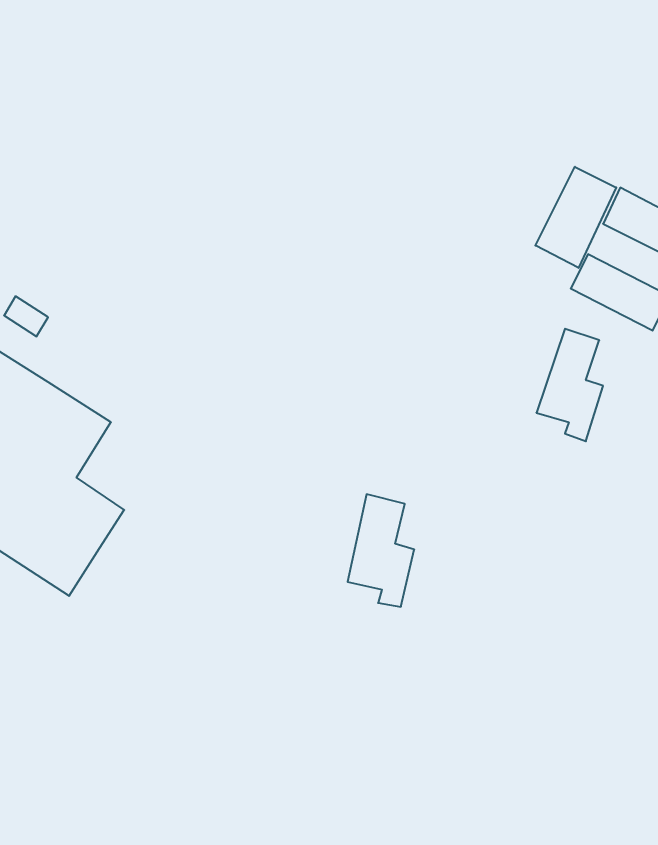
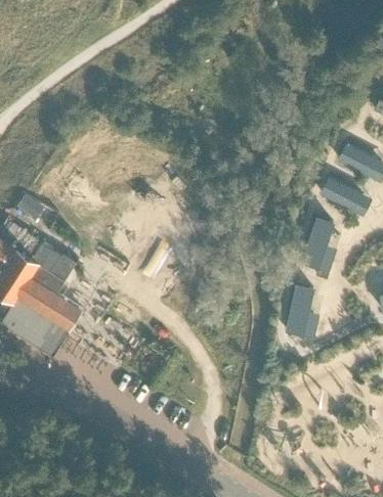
building: [535,167,616,268] -> none
building: [348,494,414,607] -> [285,283,321,344]

